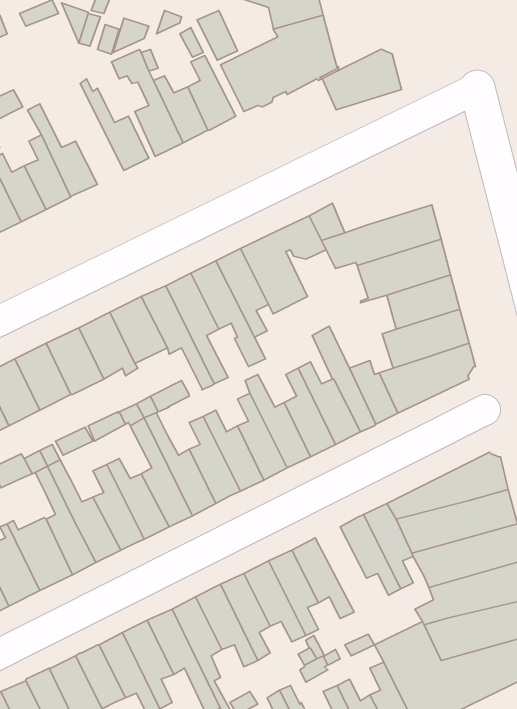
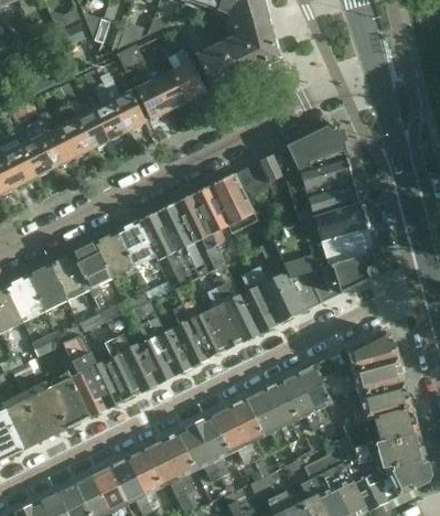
building: [322,49,401,110] -> [288,126,344,169]
building: none -> [81,68,126,140]
building: none -> [261,383,298,443]

